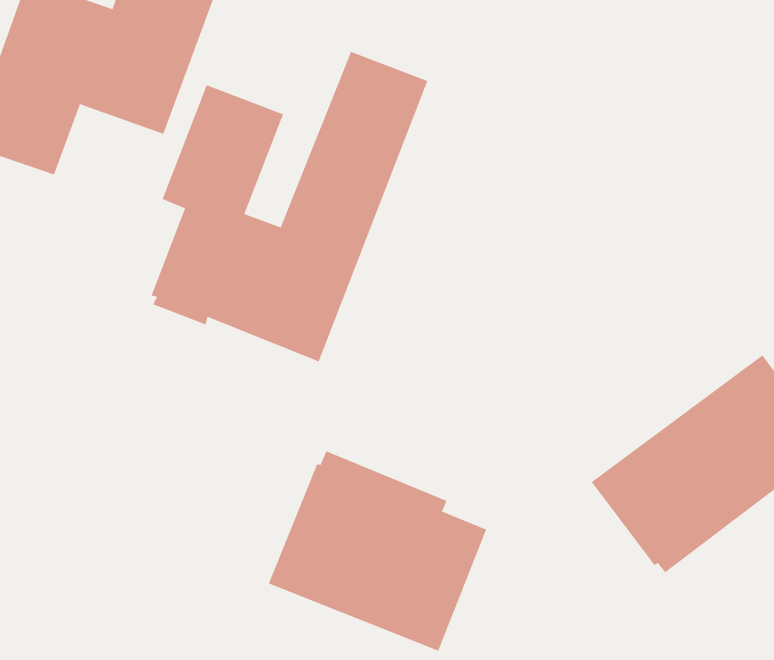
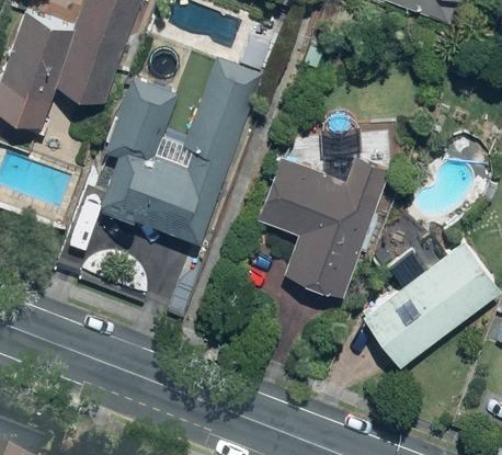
building: none -> [254,158,388,294]
building: [268,451,487,651] -> none

